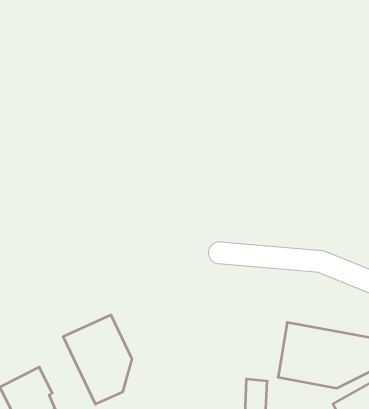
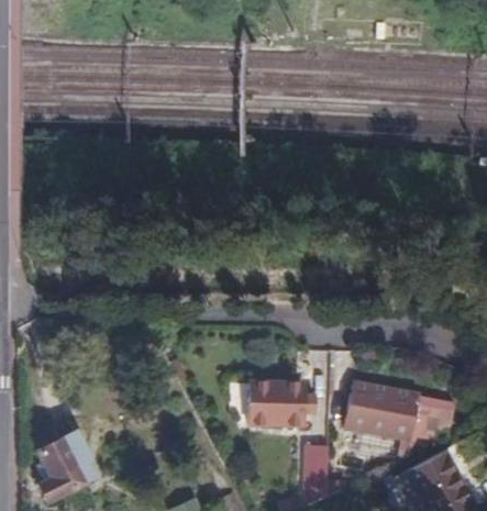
building: [63,315,132,404] -> none
building: none -> [247,381,305,423]

